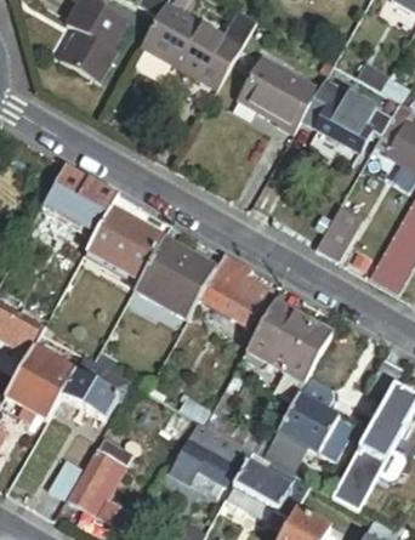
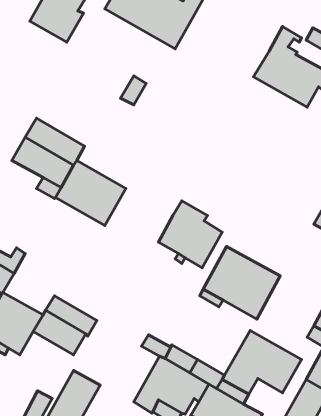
building: [239,57,319,131] -> none
building: [315,205,362,261] -> none
building: [135,239,215,318] -> none

